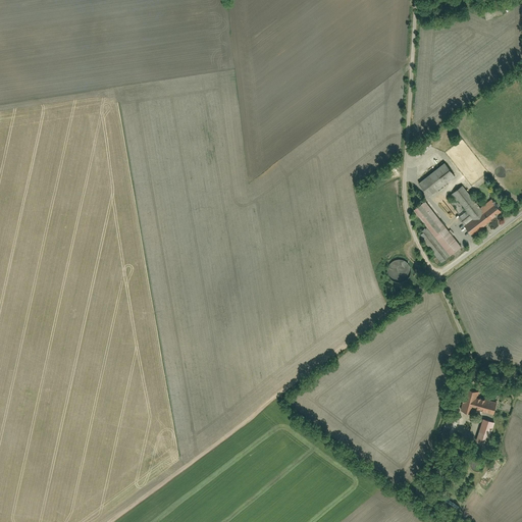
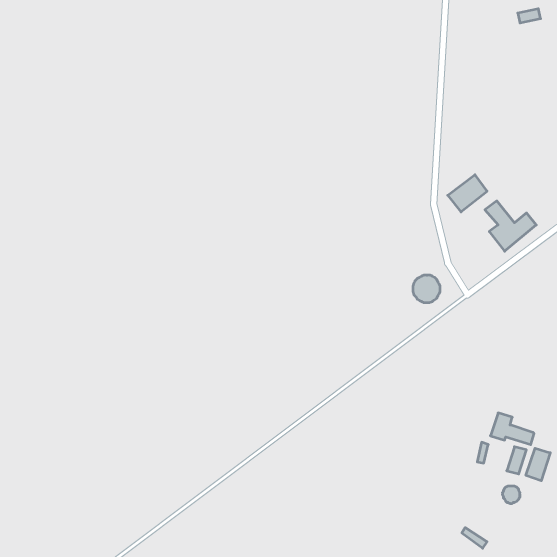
building: [414,202,462,262] -> none
building: none -> [526,448,550,481]

